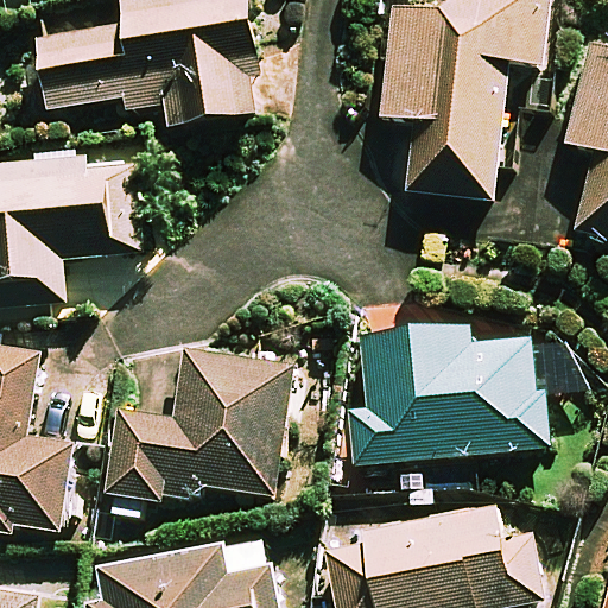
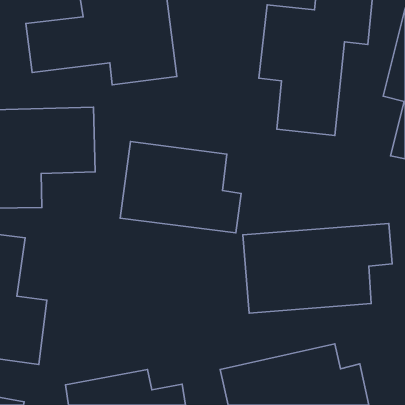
building: none -> [120,141,241,233]
building: [102,352,291,514] -> none

